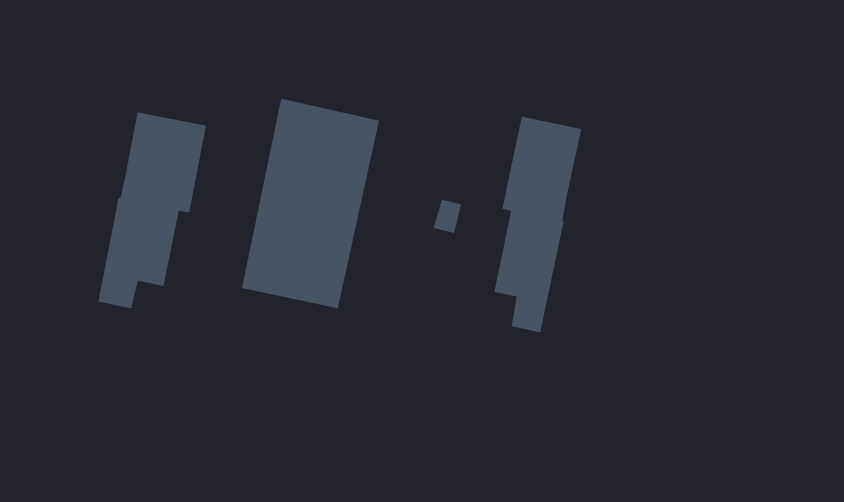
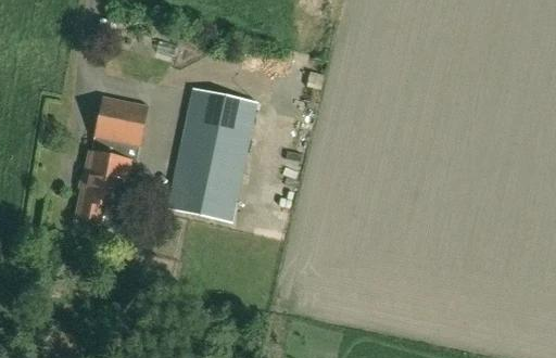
building: [494,116,582,333] -> none

